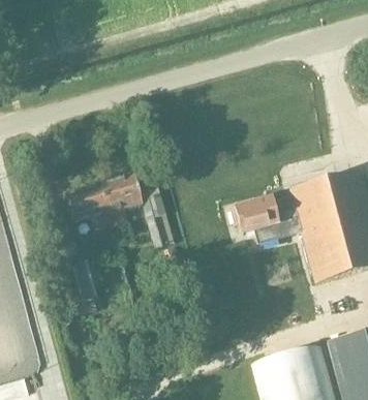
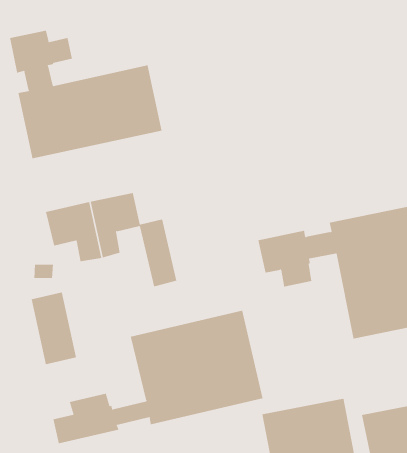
building: none -> [10,30,162,159]
building: none -> [53,310,263,444]

